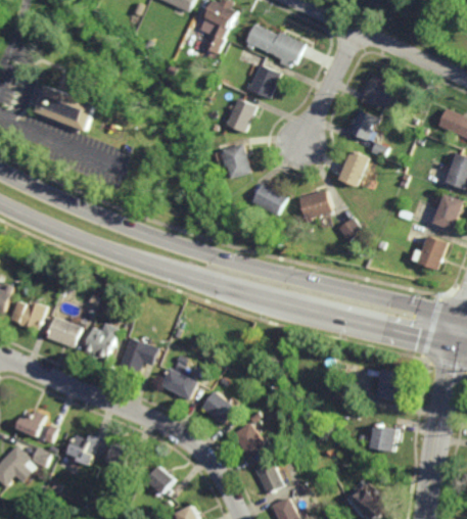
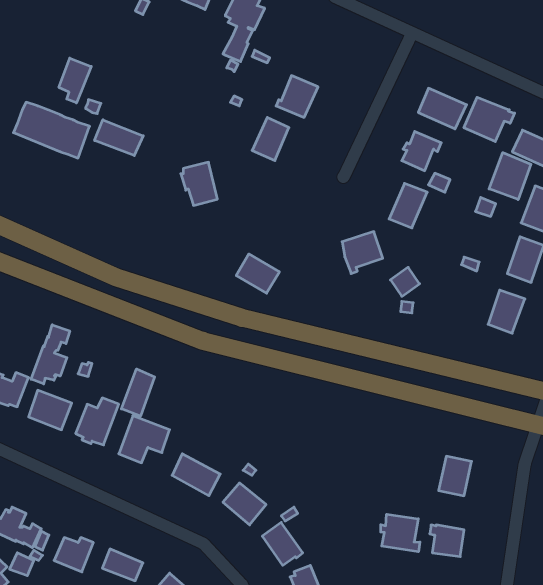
building: [246,25,302,66] -> none
building: none -> [59,58,91,103]
building: none -> [464,97,515,142]
building: none -> [95,120,143,156]
building: none -> [489,153,531,200]
building: [221,143,250,178] -> [181,162,217,205]
building: [251,183,286,215] -> [236,254,279,293]
building: none -> [31,325,70,384]
building: none -> [121,369,155,416]
building: none -> [381,514,420,552]

